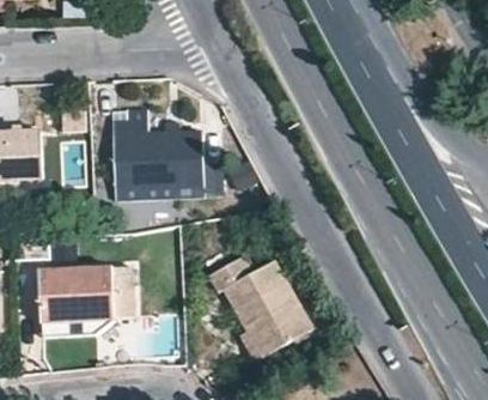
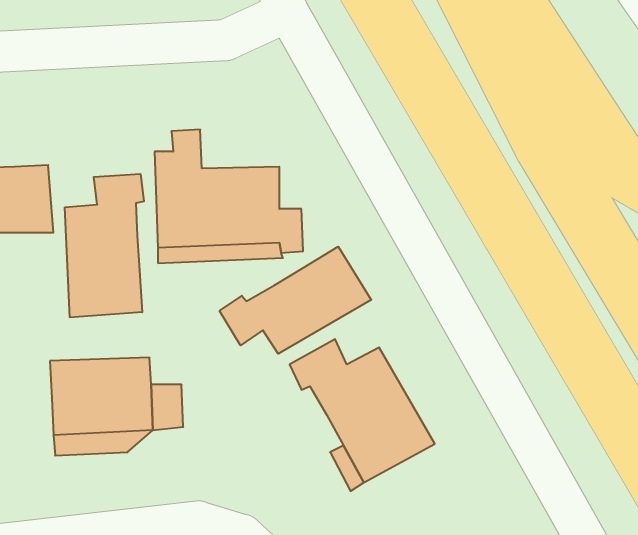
building: none -> [65,174,144,317]
building: none -> [220,247,371,354]

